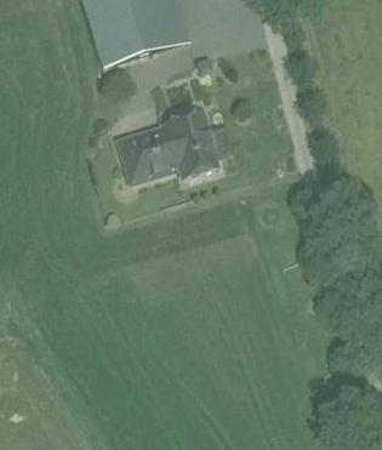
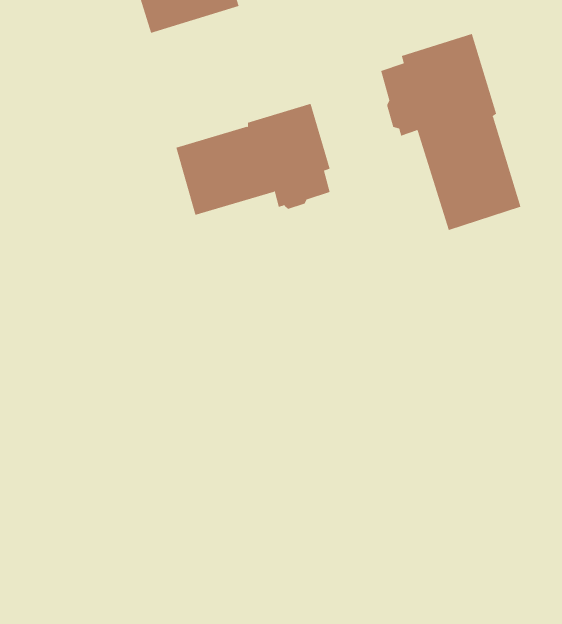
building: none -> [380,33,521,231]

